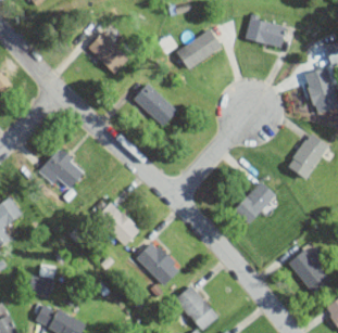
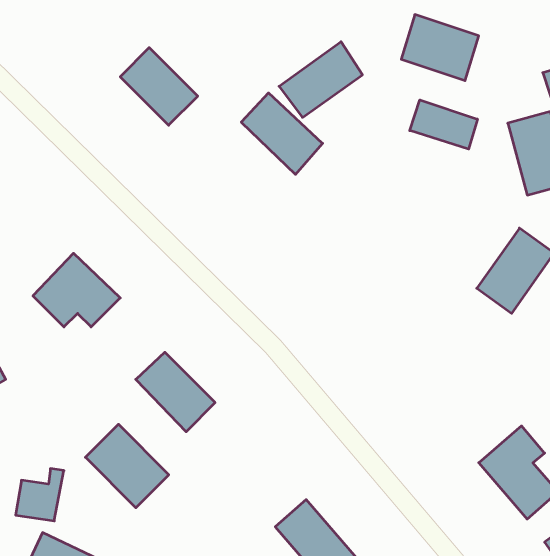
building: none -> [410,100,477,149]
building: [133,82,178,128] -> [241,93,323,174]
building: [234,181,277,226] -> none
building: [136,240,183,286] -> [85,424,169,508]

